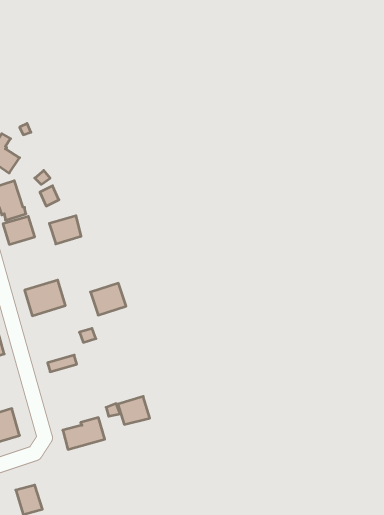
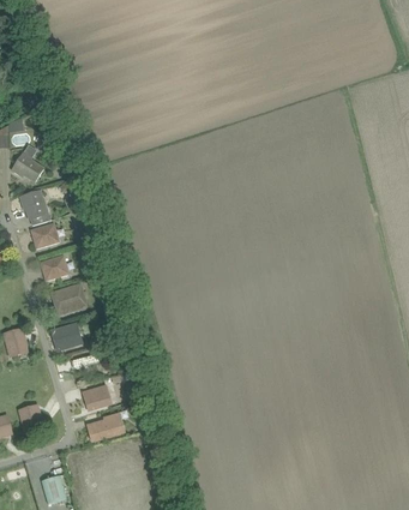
building: [49,216,81,244] -> [38,254,68,281]
building: [90,283,126,315] -> [49,322,83,352]
building: [118,396,150,424] -> [82,384,112,410]

